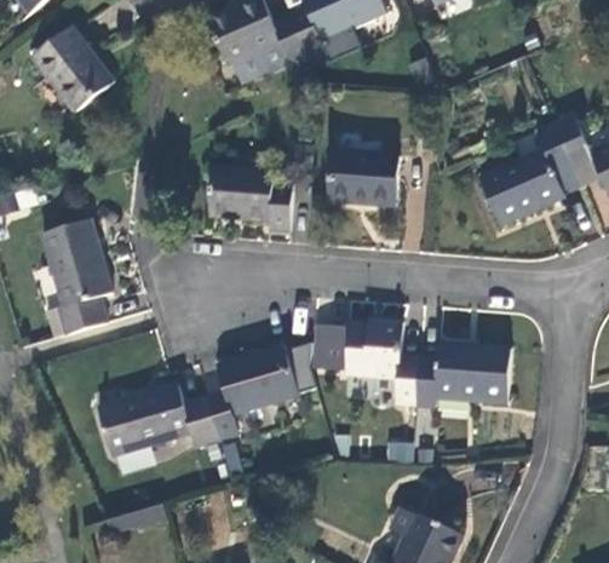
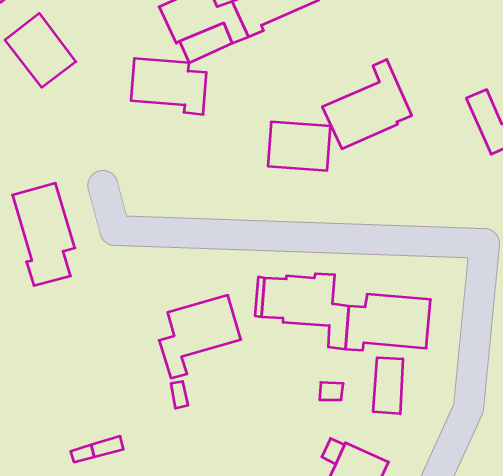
building: [478,123,579,224] -> [322,59,412,149]
building: [208,168,293,231] -> [131,58,206,114]
building: [97,383,219,455] -> none
building: none -> [373,358,403,414]

